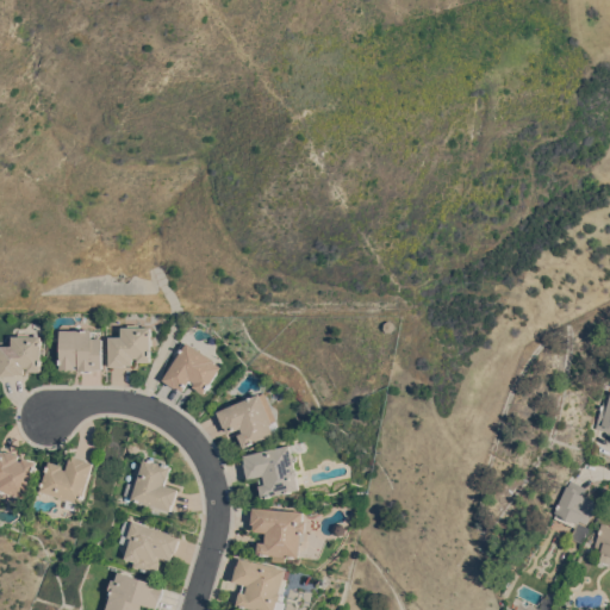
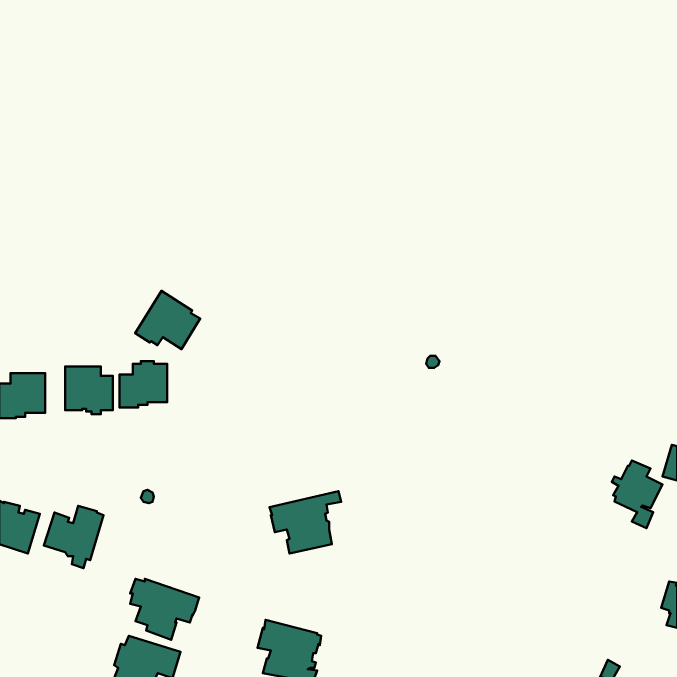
building: [162,342,220,394] -> [135,291,200,349]
building: [216,393,278,448] -> none
building: [122,458,178,511] -> none
building: [552,481,597,542] -> [612,461,662,528]
building: [249,508,305,558] -> none

